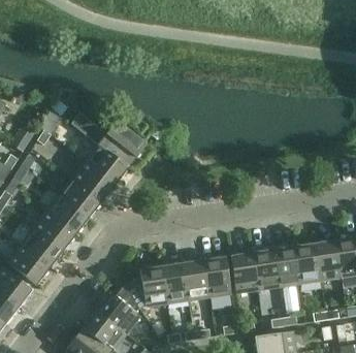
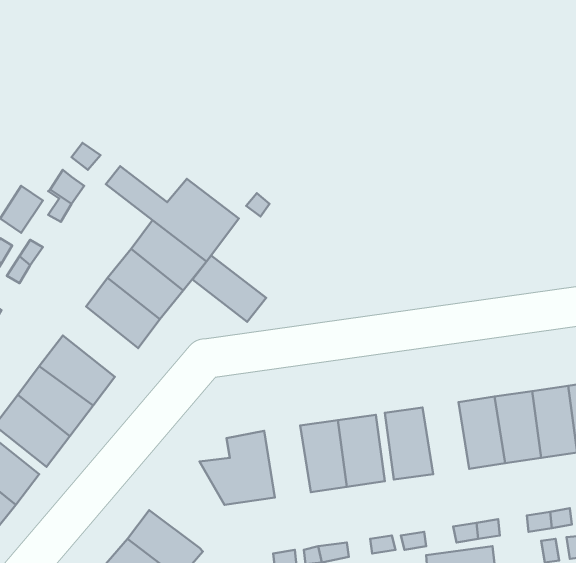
building: none -> [192,256,266,322]
building: [45,194,89,234] -> none
building: [252,249,279,290] -> none
building: [161,262,188,303] -> none
building: [95,283,139,334] -> none

